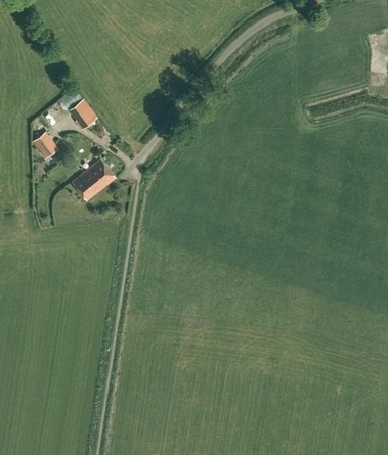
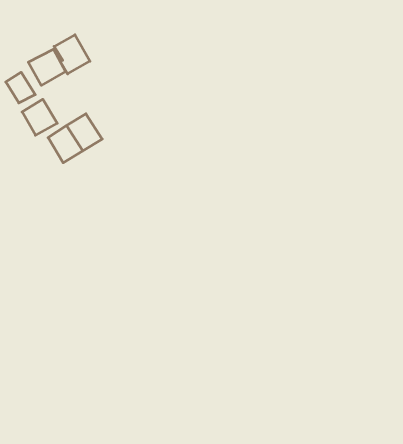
building: none -> [28,49,65,85]
building: none -> [22,99,57,135]

